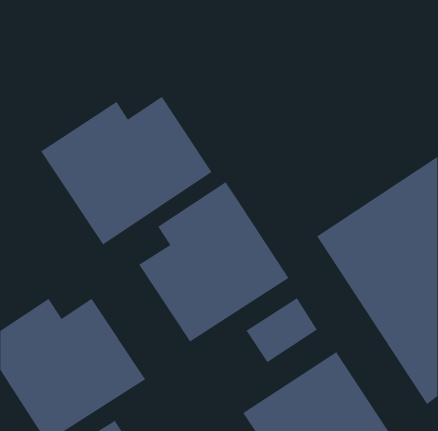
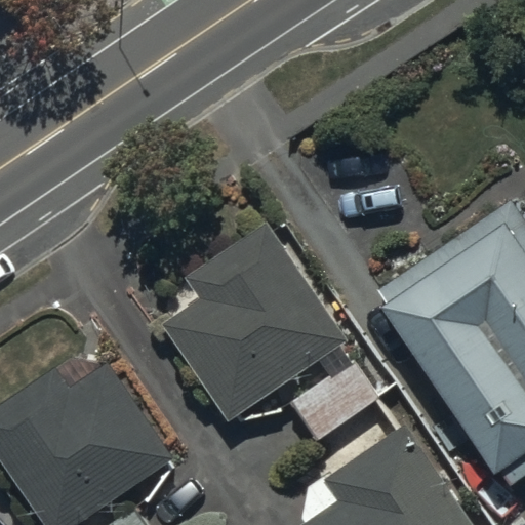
building: [40,96,212,246] -> none

